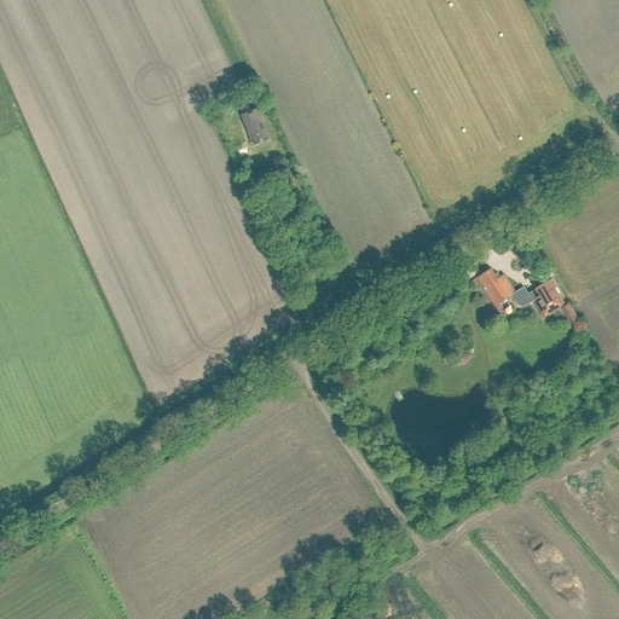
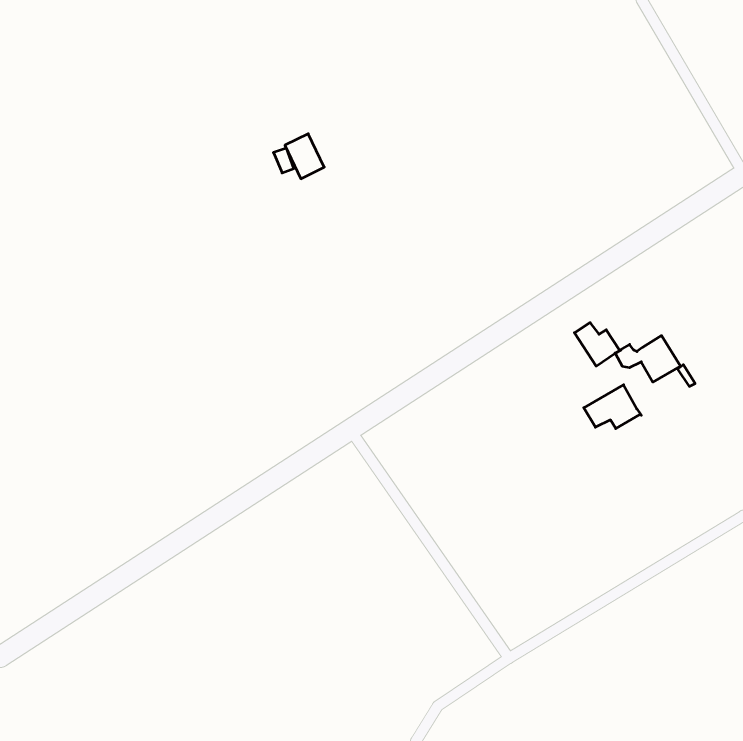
building: none -> [584,385,641,429]

